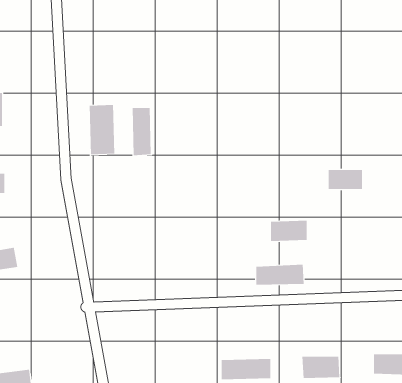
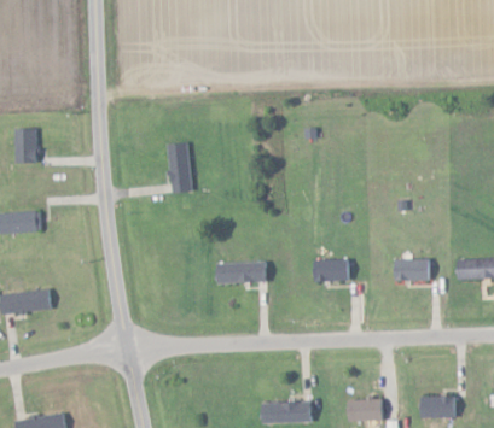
building: [89,104,115,155] -> none
building: [328,169,363,189] -> [394,259,430,280]
building: [255,264,305,285] -> [217,262,268,283]

